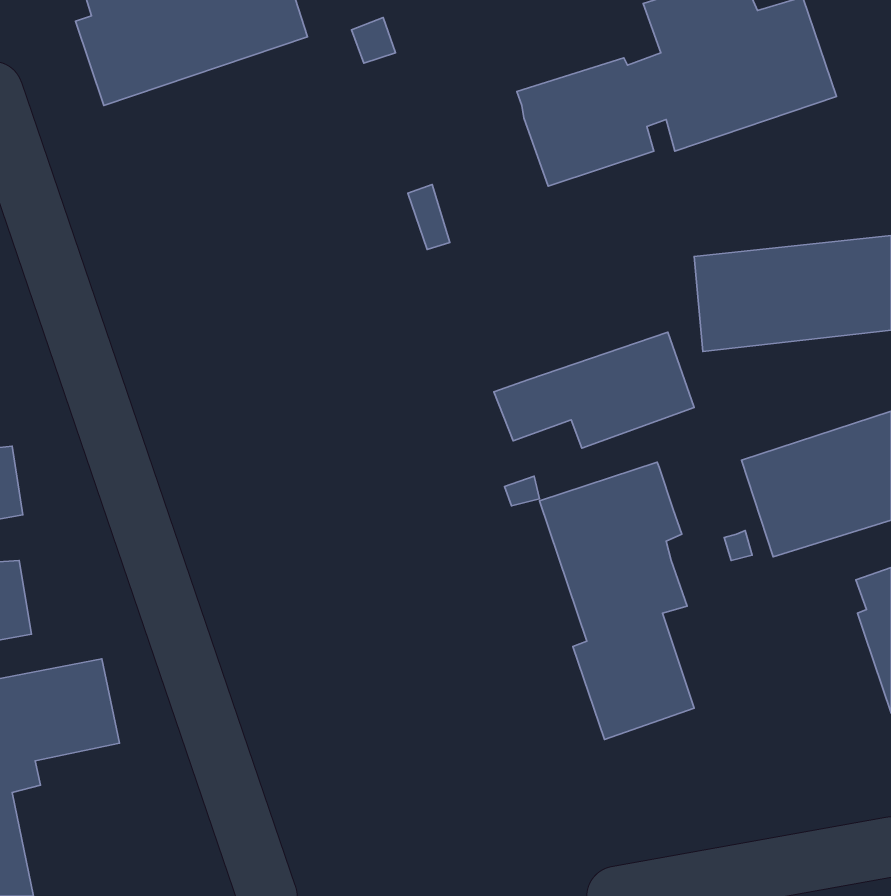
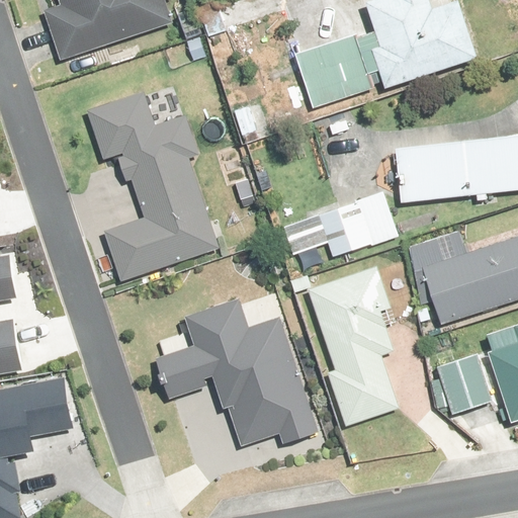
building: none -> [88,94,218,280]
building: none -> [148,300,315,447]
building: none -> [431,353,495,414]

